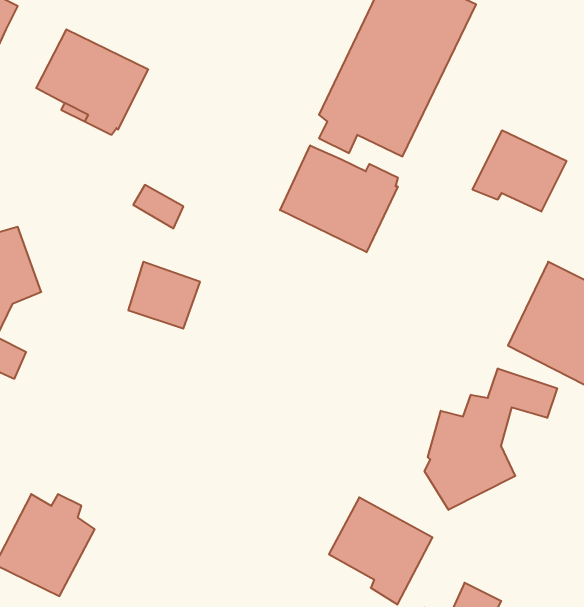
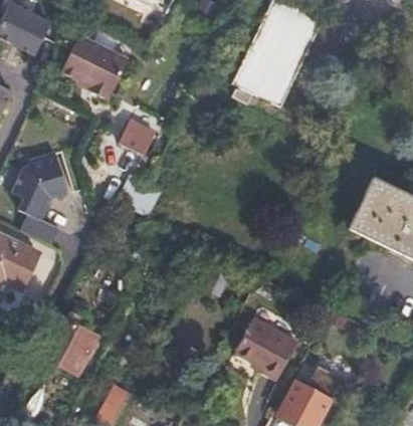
building: [473,130,566,212] -> none
building: [280,145,398,252] -> none
building: [425,368,557,510] -> none

